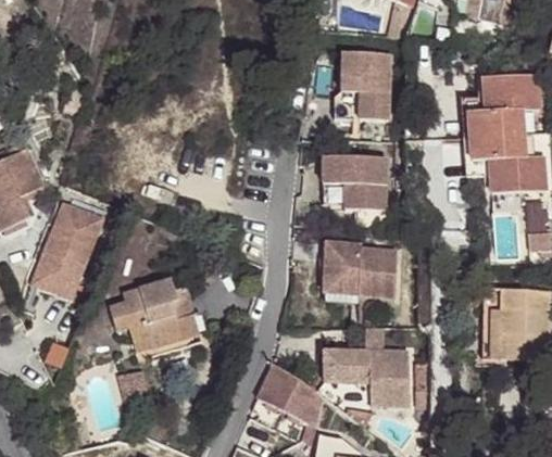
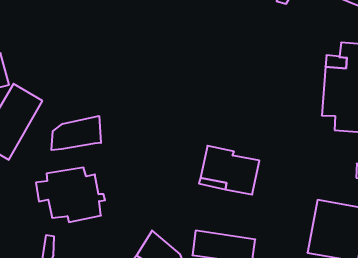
building: [331,51,387,119] -> none
building: [326,153,388,205] -> none
building: none -> [51,116,101,150]

